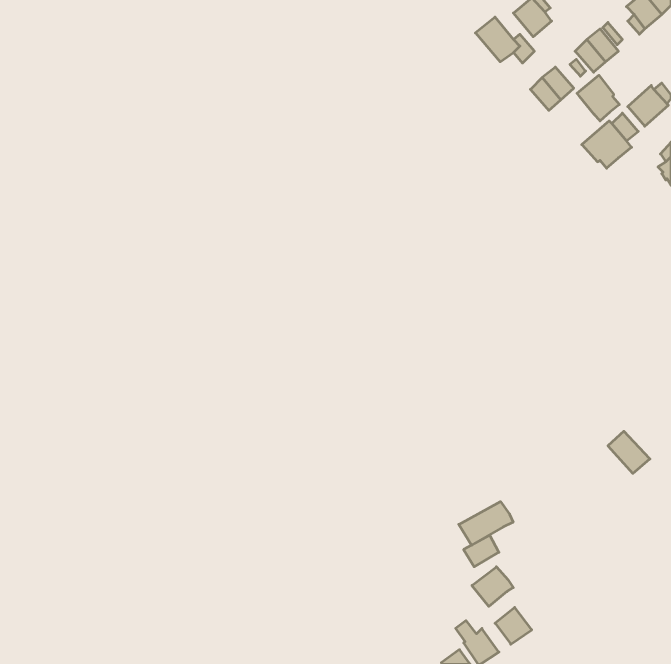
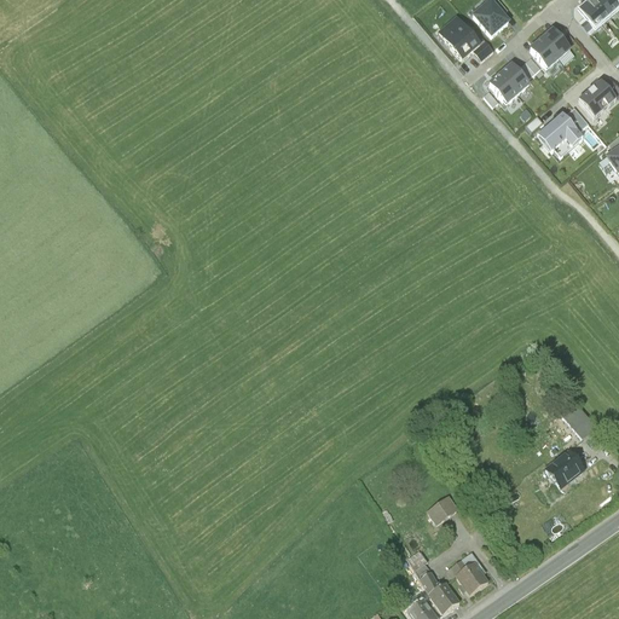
building: [577,75,619,121] -> none
building: none -> [545,446,585,486]
building: [459,502,513,545] -> none
building: [472,567,513,606] -> none

